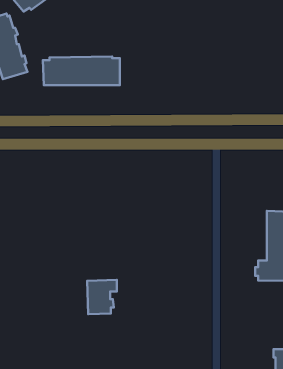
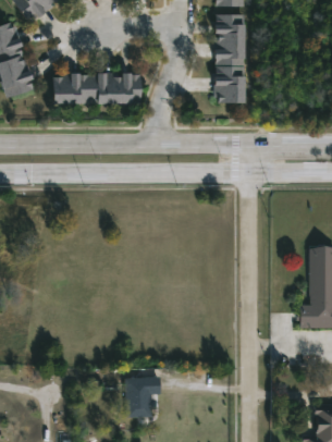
building: none -> [214,15,247,105]
building: [87,280,117,314] -> [126,379,160,418]

